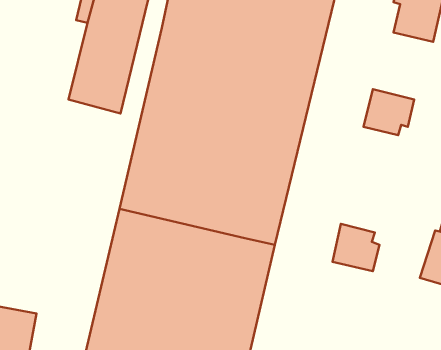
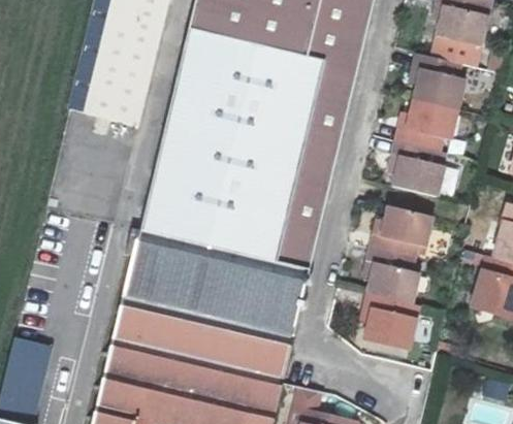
building: none -> [415,58,468,111]
building: none -> [394,141,447,196]
building: none -> [380,204,435,257]
building: none -> [366,289,421,345]

